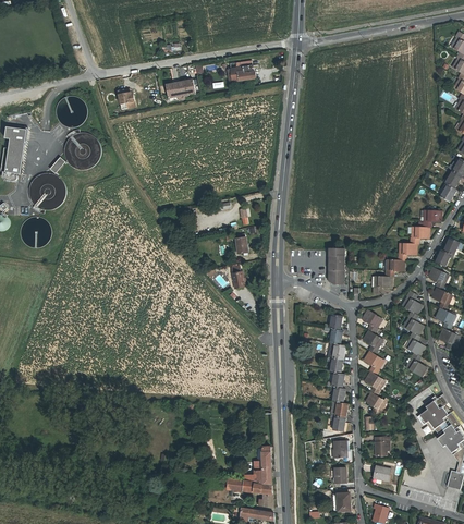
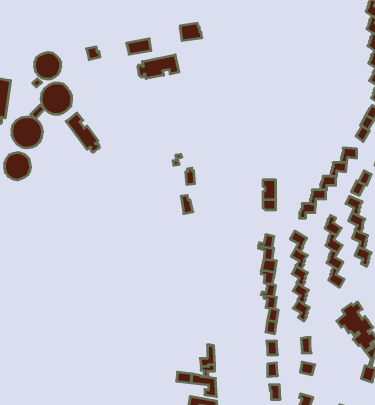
building: none -> [138,55,179,79]
building: none -> [66,113,99,152]

